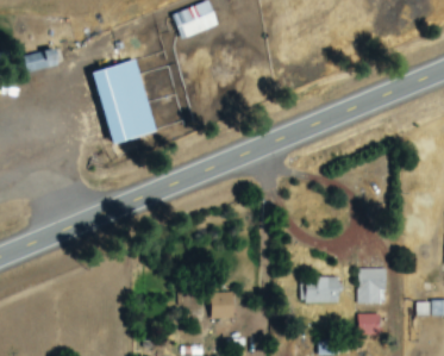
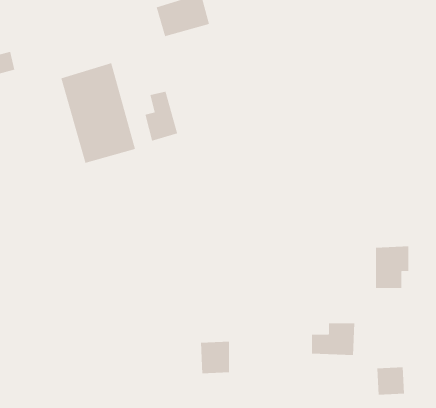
building: none -> [145,91,178,142]
building: [357,268,386,304] -> [375,246,409,289]

